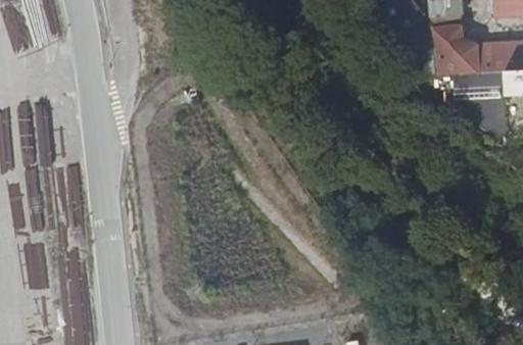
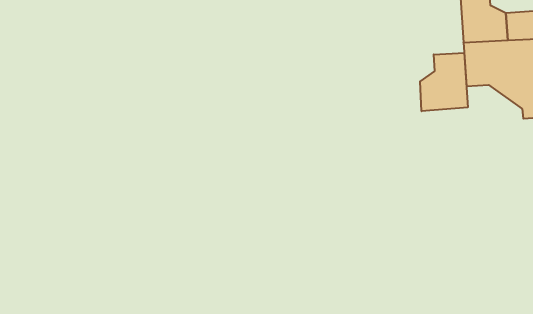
building: none -> [420,53,468,111]

